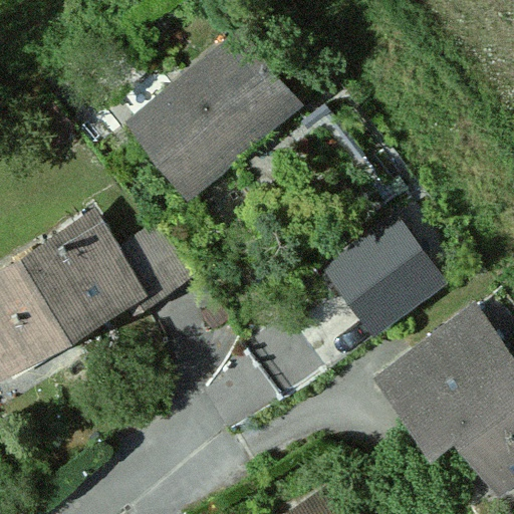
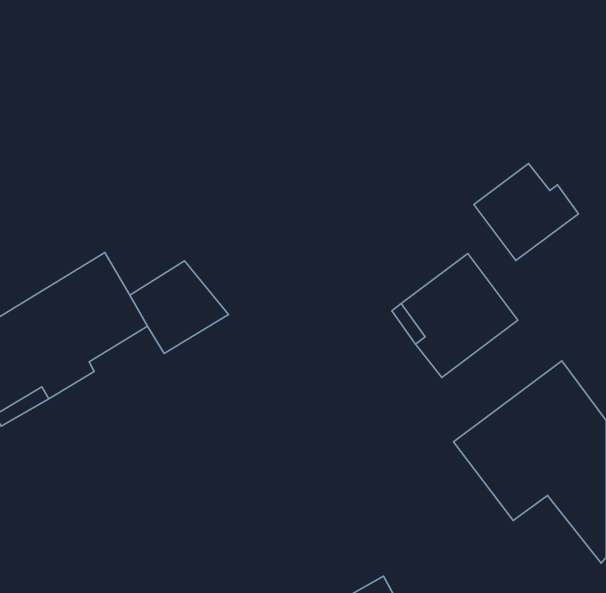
building: [134,42,289,195] -> none
building: none -> [474,164,578,261]

